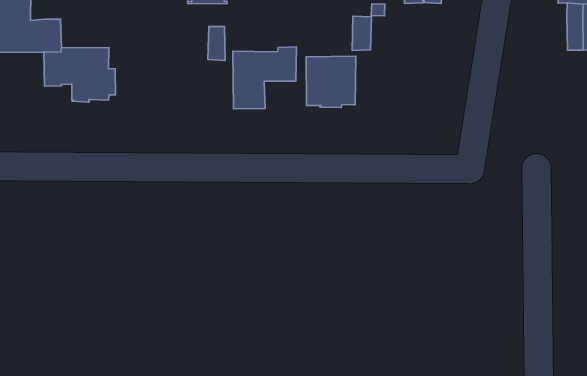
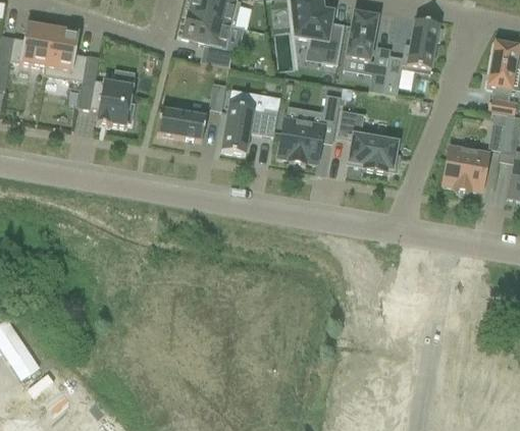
building: none -> [337,108,400,171]
building: none -> [444,145,488,190]
building: none -> [158,106,207,139]

